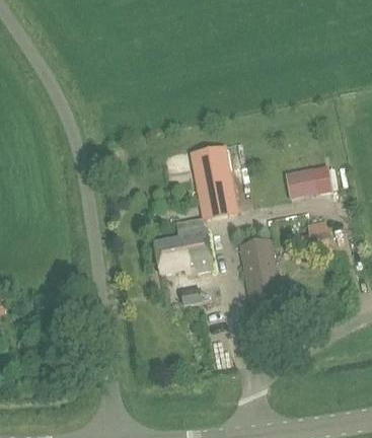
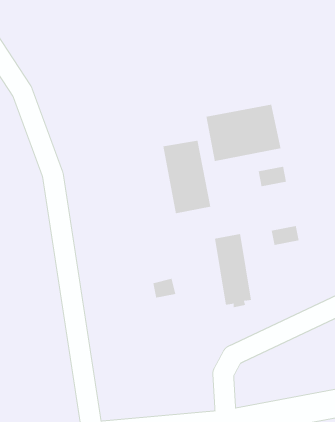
building: none -> [206,104,281,162]
building: [155,227,213,274] -> none

